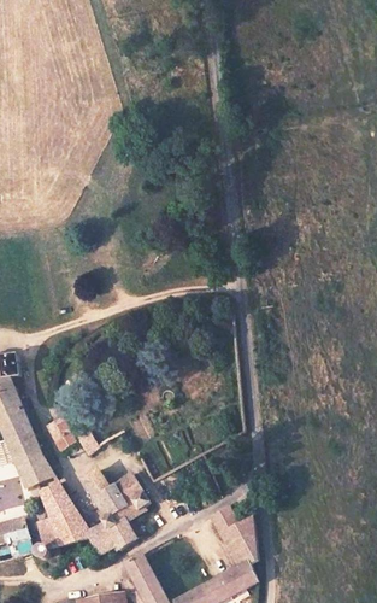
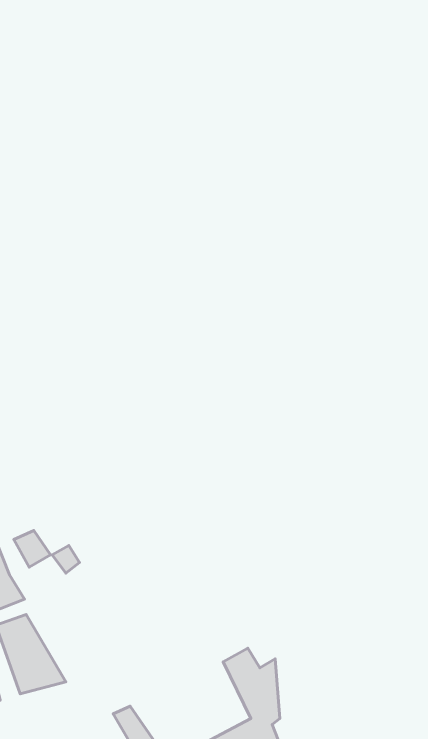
building: [78,472,149,558] -> none

